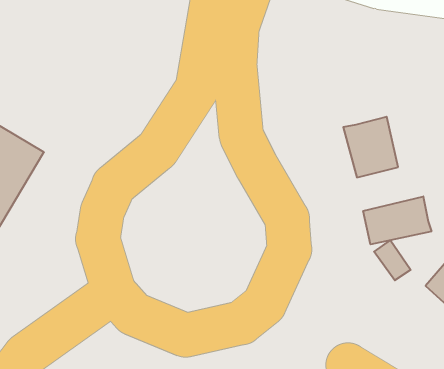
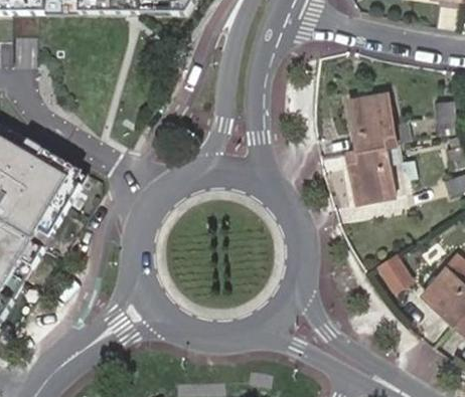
building: none -> [346,94,395,146]
building: [363,196,431,244] -> none

